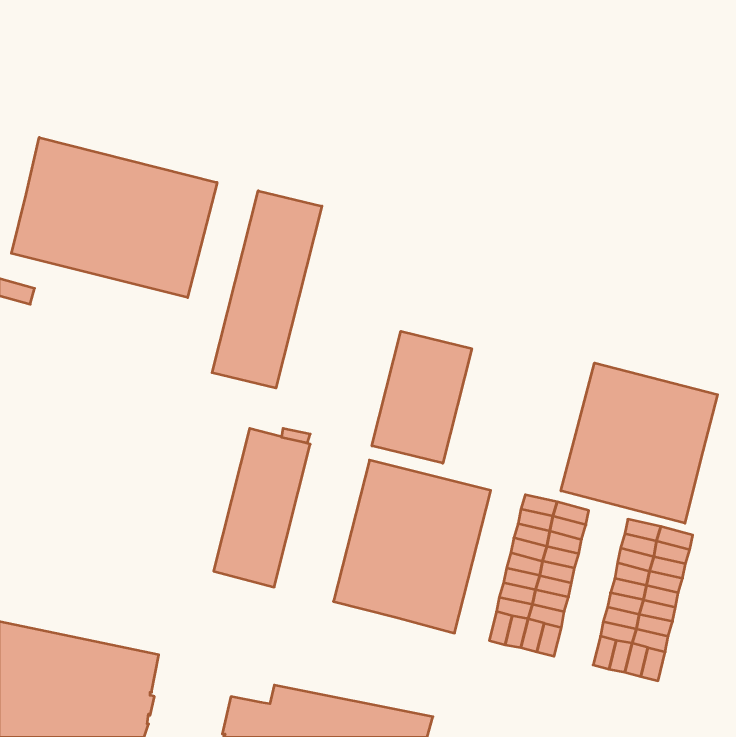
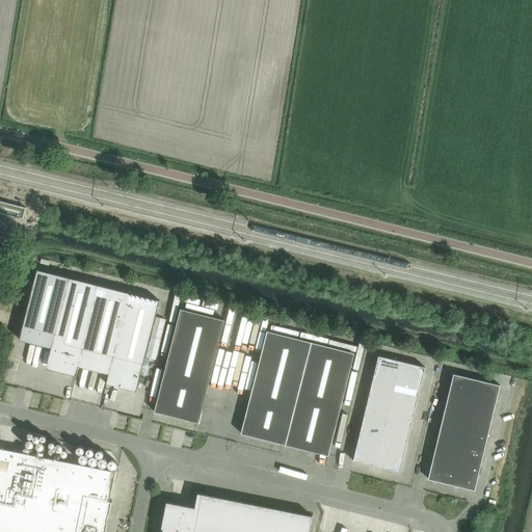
building: [11,137,217,298] -> none
building: [212,191,322,388] -> none
building: [372,331,472,463] -> none
building: [561,363,718,523] -> none
building: none -> [19,269,158,391]

